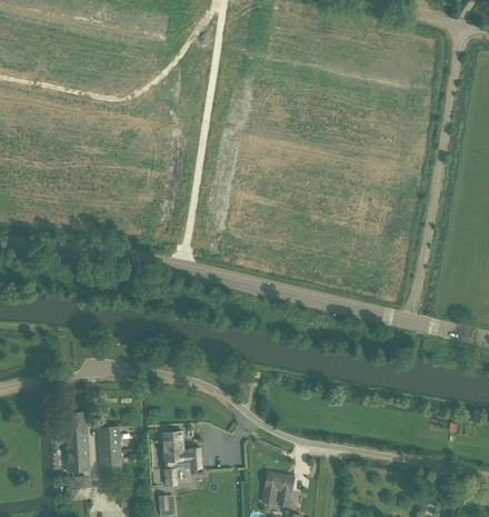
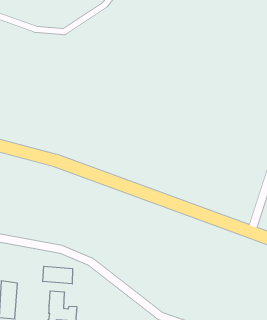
building: none -> [43,266,73,284]

